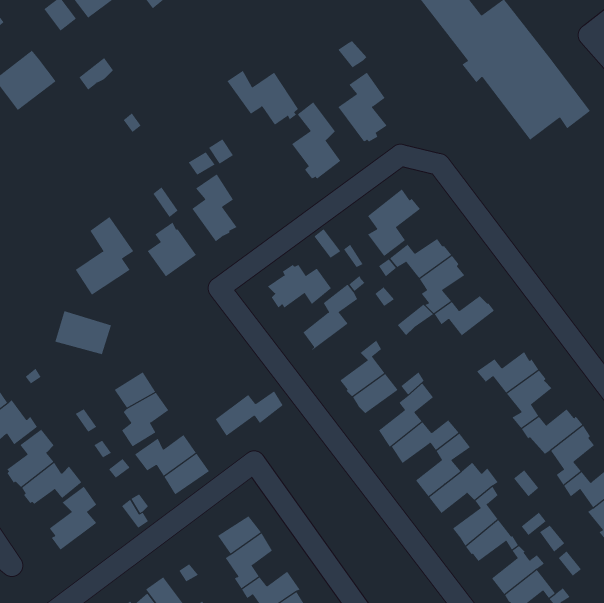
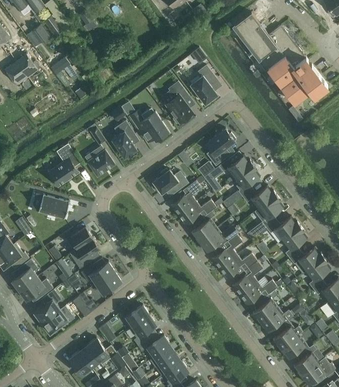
building: [227,70,299,126] -> [129,110,168,140]
building: none -> [254,194,282,227]
building: [211,390,284,437] -> [176,199,215,224]
building: none -> [40,309,73,333]

